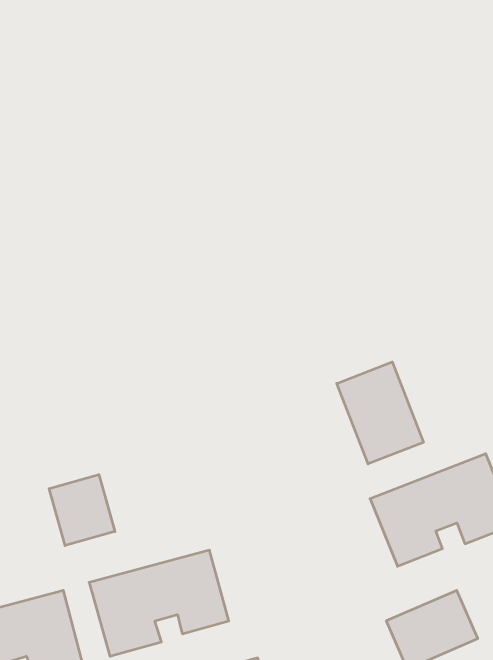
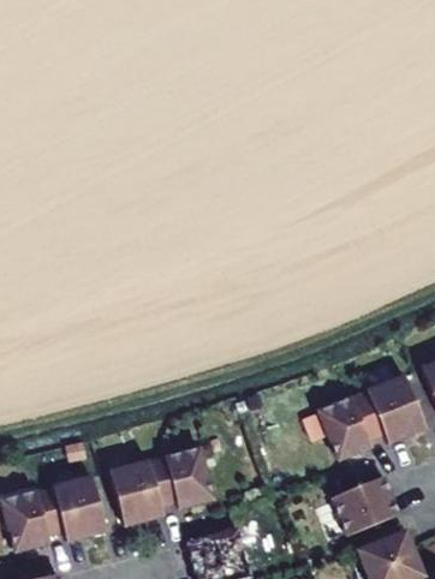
building: [337,362,423,464] -> none
building: [49,475,115,546] -> none

